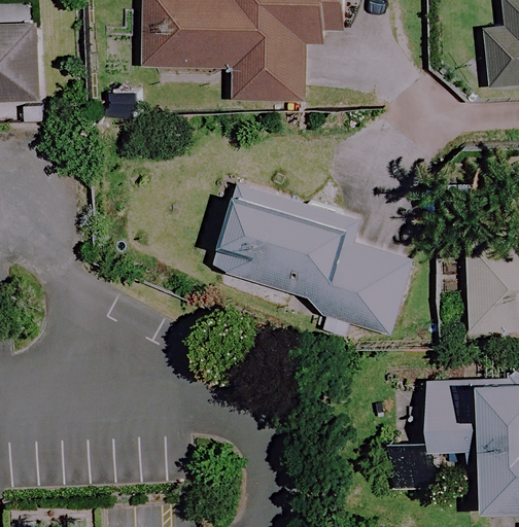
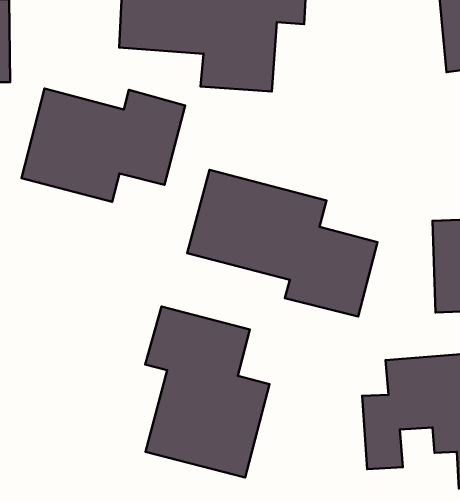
building: none -> [22,88,185,202]
building: none -> [145,306,269,477]

